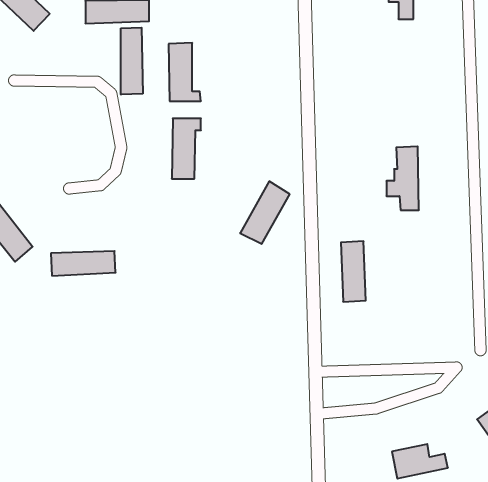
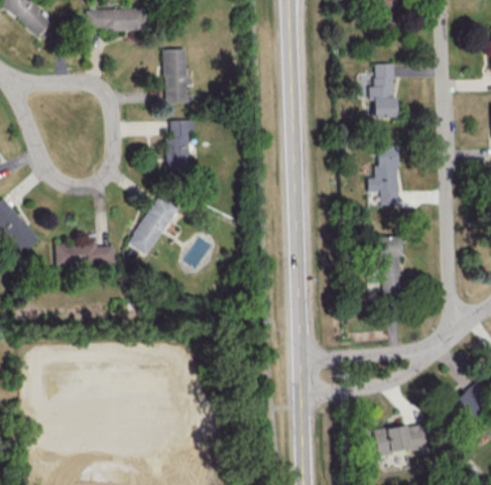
building: [121,28,143,95] -> none
building: none -> [374,66,398,122]
building: [240,181,290,244] -> [128,197,174,255]
building: [341,241,366,302] -> [379,237,402,293]

